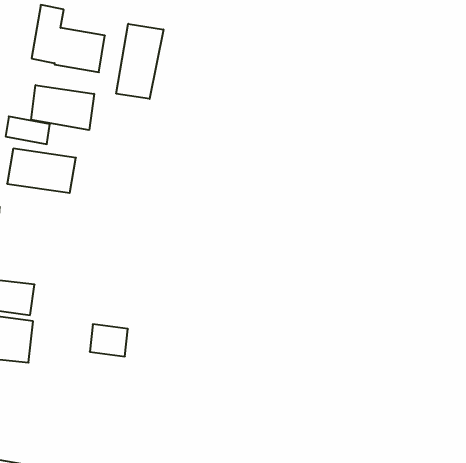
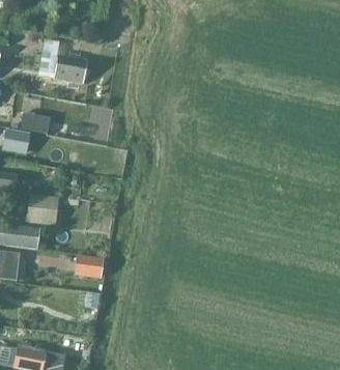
building: [116,24,163,99] -> none
building: [31,85,94,130] -> none
building: none -> [26,194,58,224]

